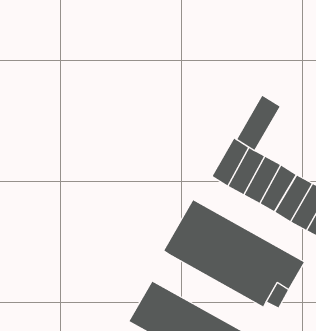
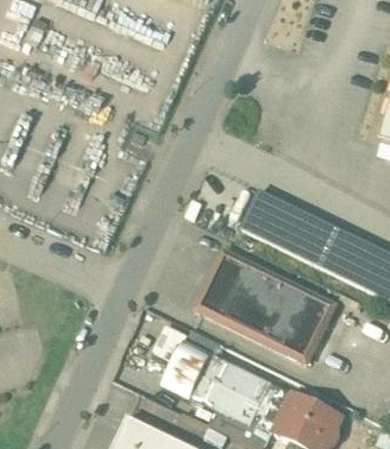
building: [236,95,280,151] -> none

